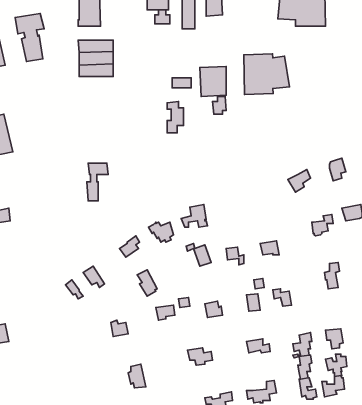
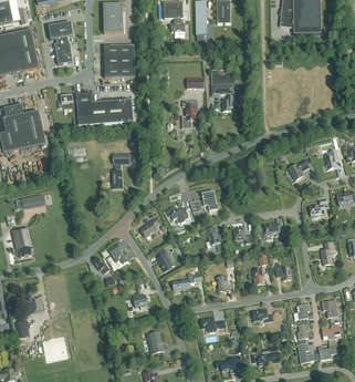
building: [244,54,289,95] -> none
building: none -> [58,93,134,125]

